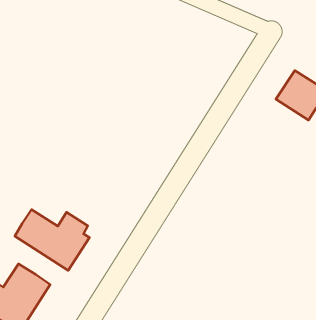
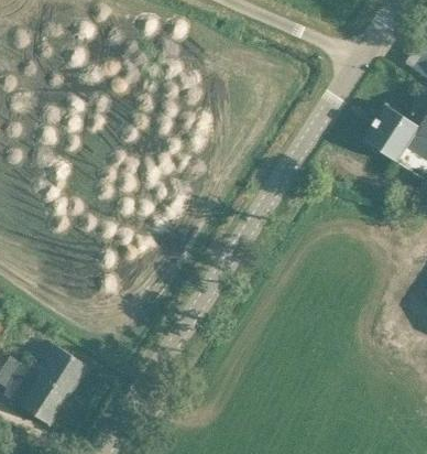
building: [15,209,90,271] -> none

